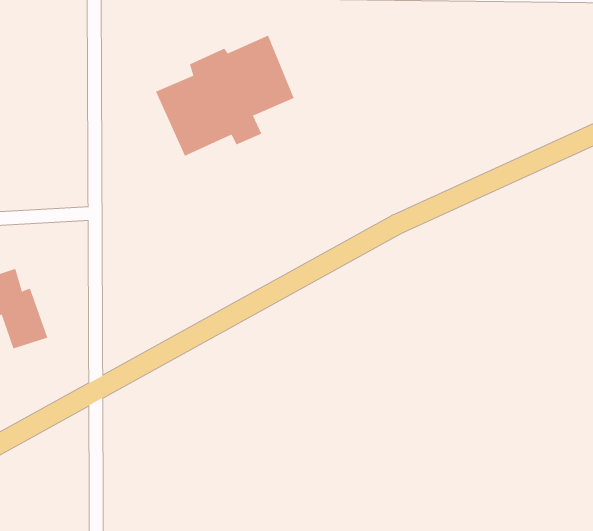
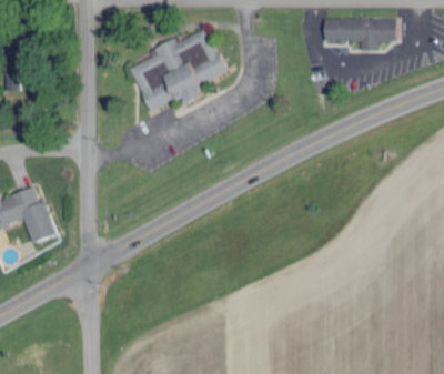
building: none -> [323,17,396,50]

